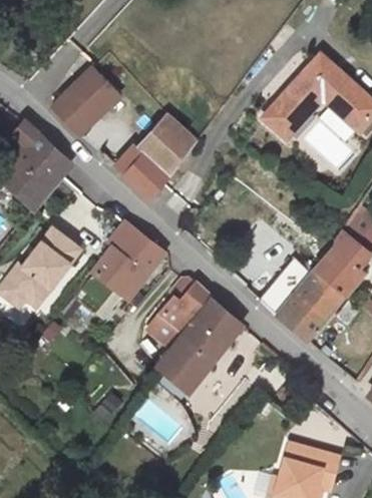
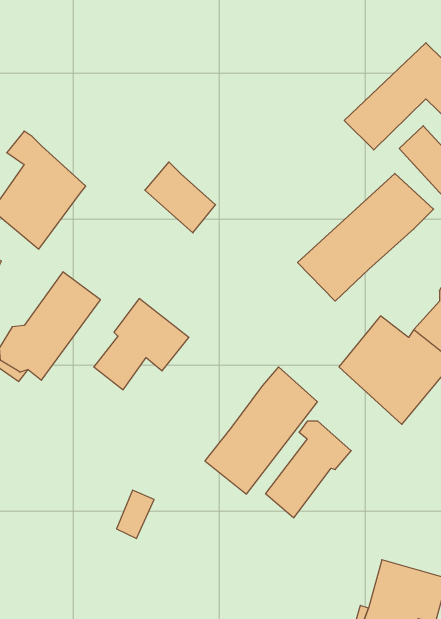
building: [50,68,114,134] -> none
building: [140,118,197,176] -> none
building: none -> [298,173,434,301]
building: [104,221,163,276] -> none
building: [149,276,214,348] -> [266,421,351,518]

